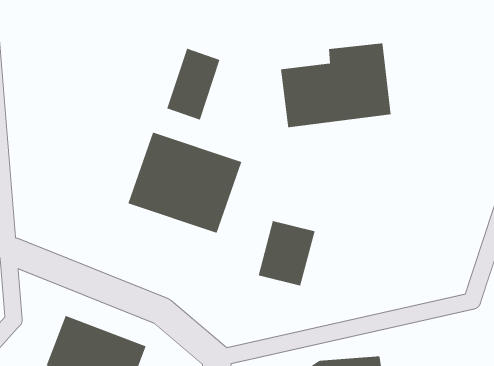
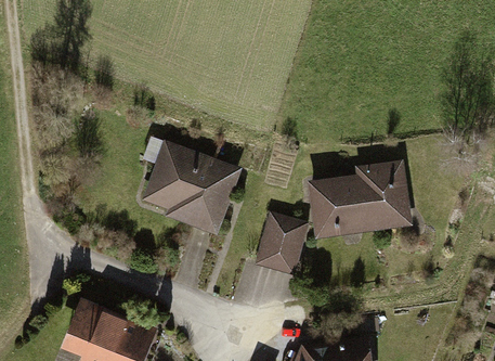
building: [280,43,392,128] -> [309,164,409,241]
building: [167,48,220,120] -> none

